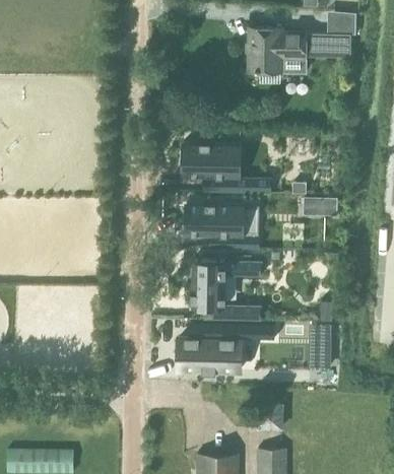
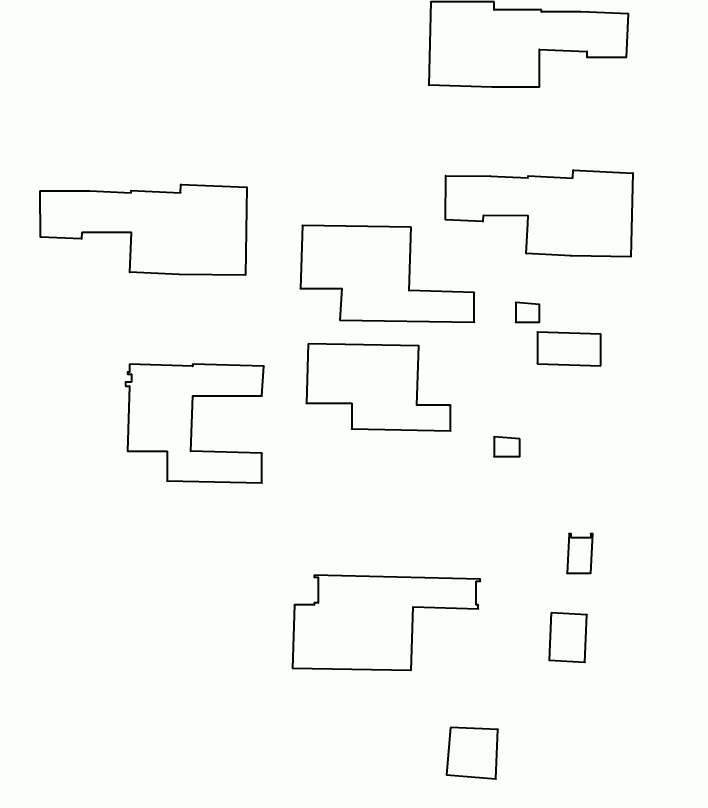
building: none -> [446,170,633,257]
building: none -> [40,184,247,275]
building: [191,260,262,321] -> [126,364,264,483]

